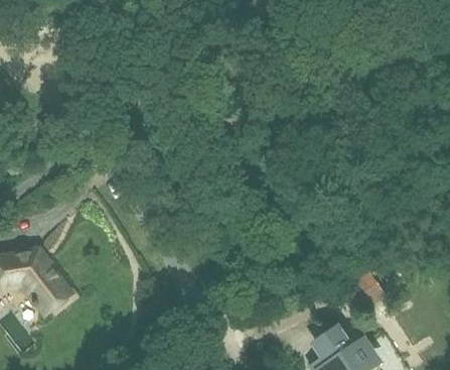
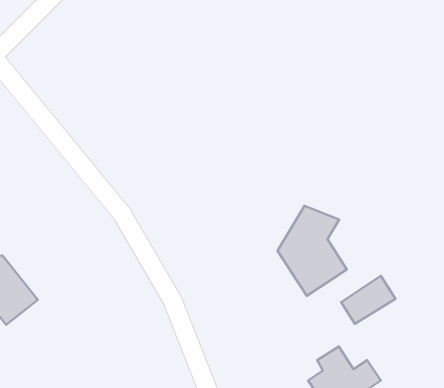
building: none -> [278,206,347,296]

